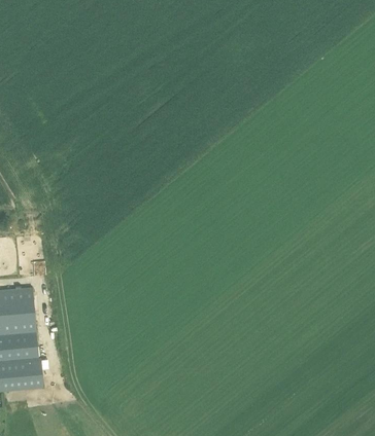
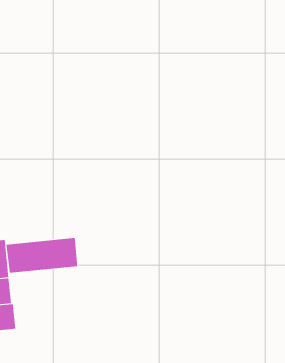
building: none -> [6,237,78,274]

